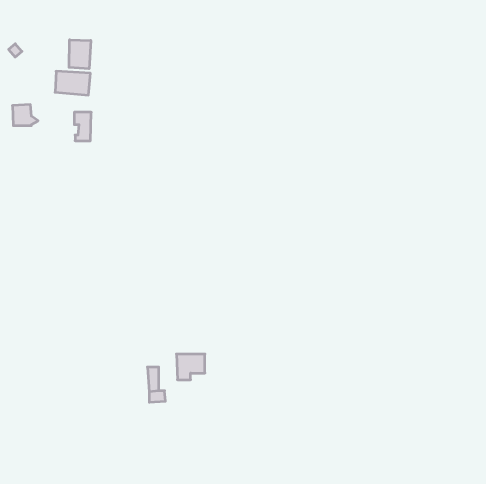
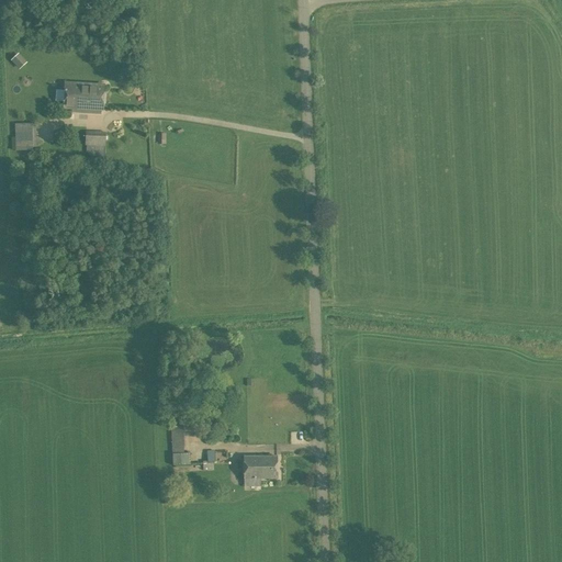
building: [69,40,91,69] -> none
building: [176,354,205,380] -> [244,456,277,485]

